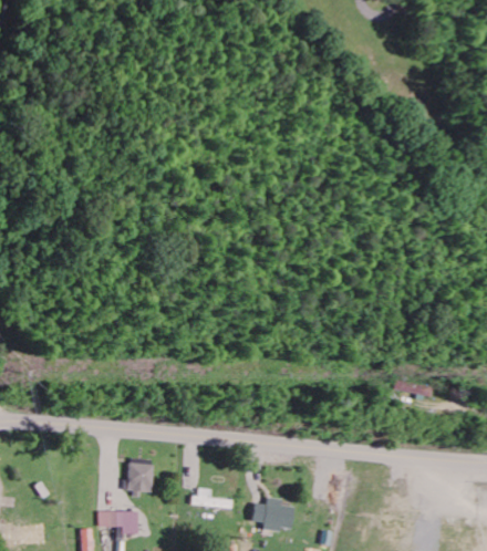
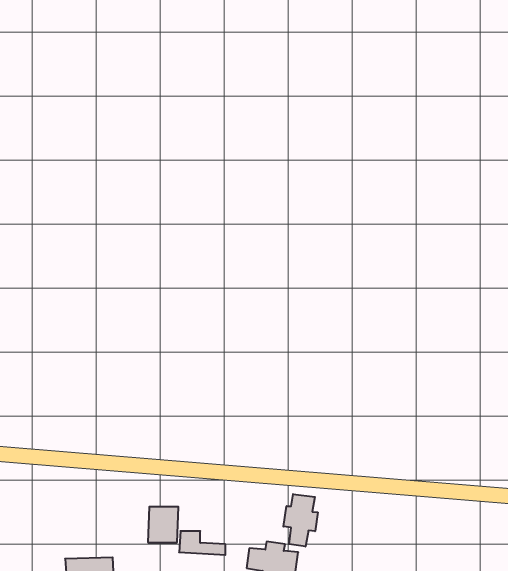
building: none -> [283,494,318,547]
building: [127,464,153,493] -> [148,507,178,542]

